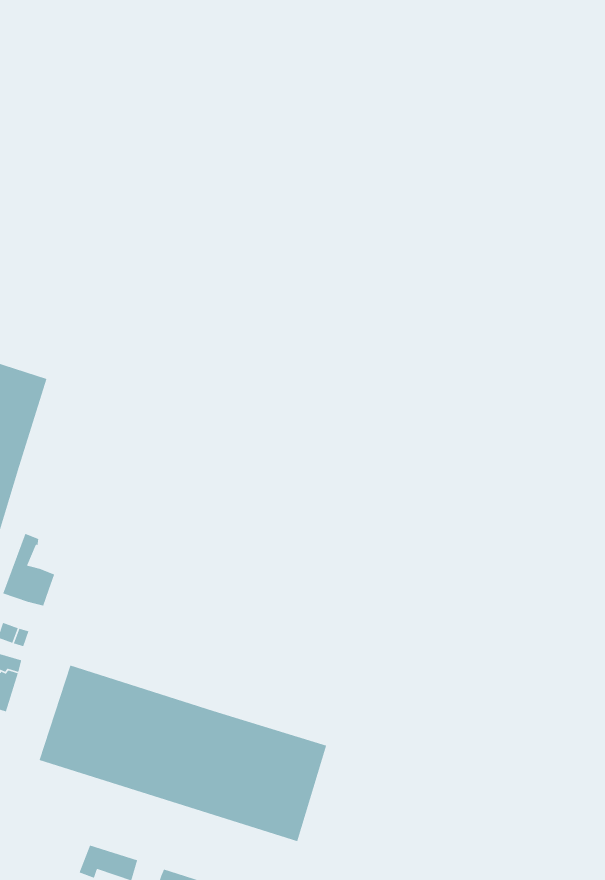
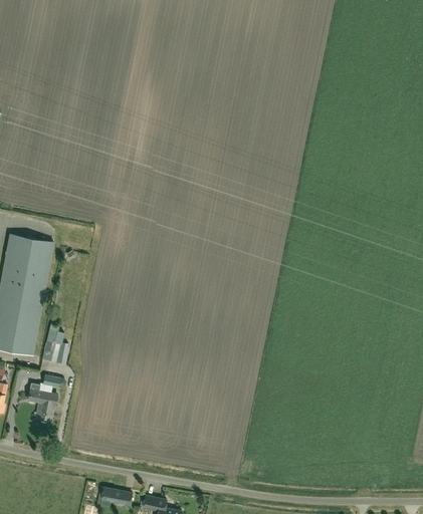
building: [38,664,327,842] -> none

